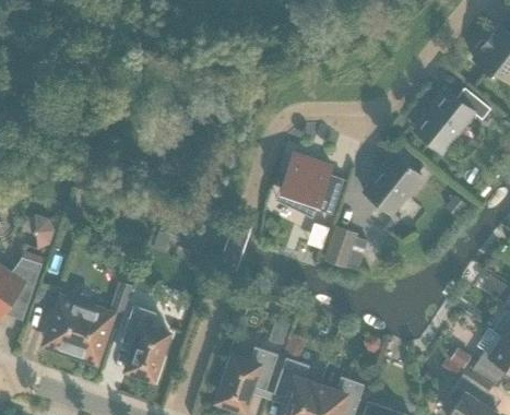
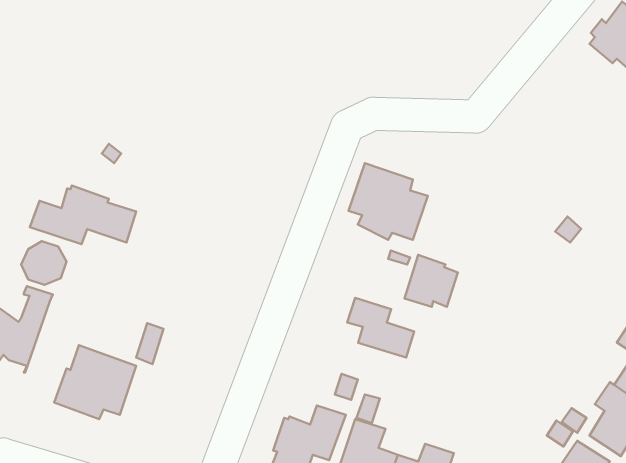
building: [415,90,491,153] -> none
building: [365,154,423,214] -> none
building: none -> [30,186,136,244]
building: none -> [347,298,414,358]
building: [121,305,171,381] -> none

